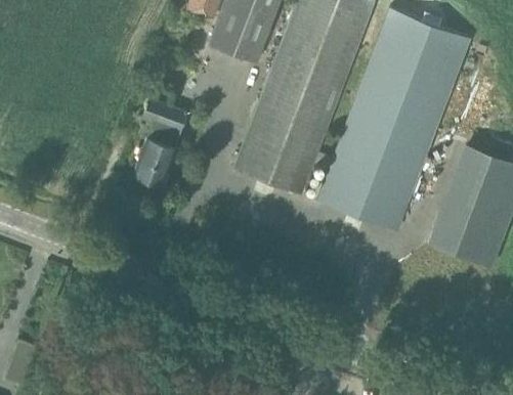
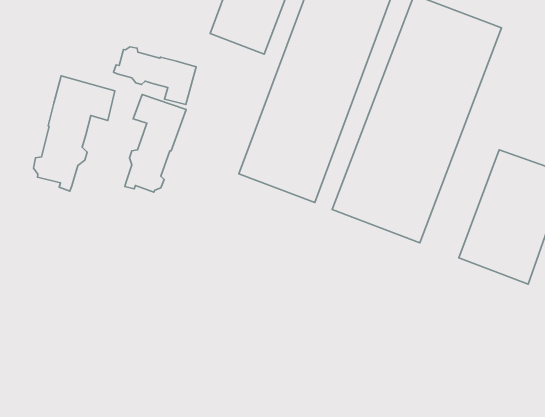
building: none -> [113,47,196,104]
building: none -> [34,76,115,191]

